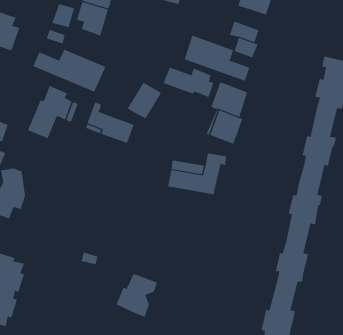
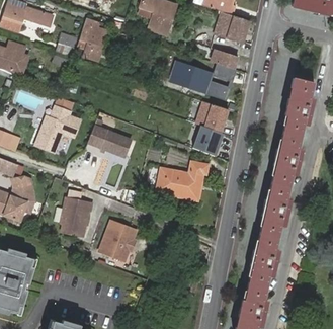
building: [33,49,106,93] -> none
building: [163,67,214,98] -> none
building: [127,82,162,120] -> none
building: none -> [61,195,91,238]
building: [116,273,158,317] -> [99,222,136,260]

